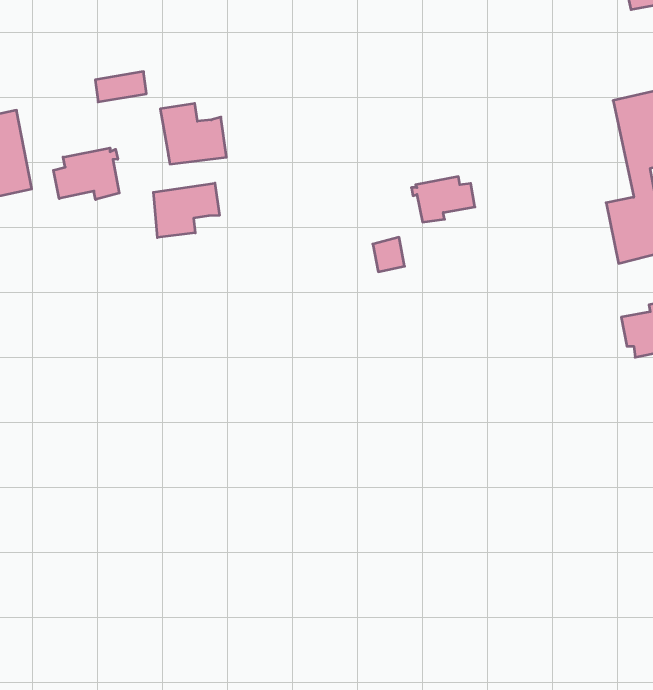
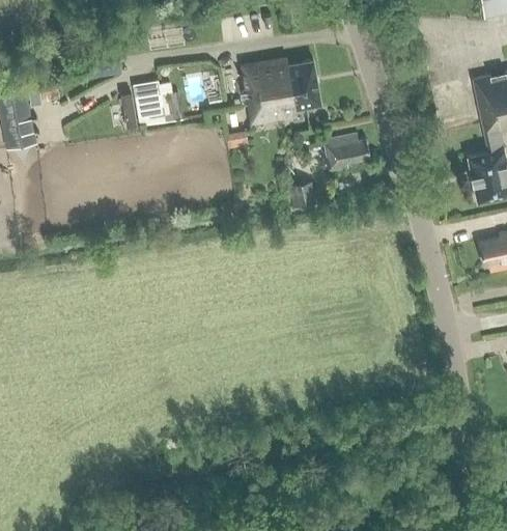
building: none -> [241,59,320,123]
building: [53,148,119,200] -> none
building: [153,183,219,238] -> none

